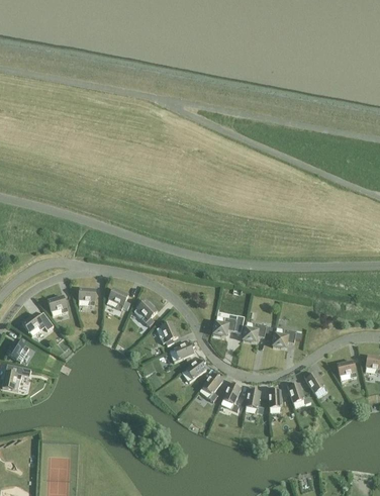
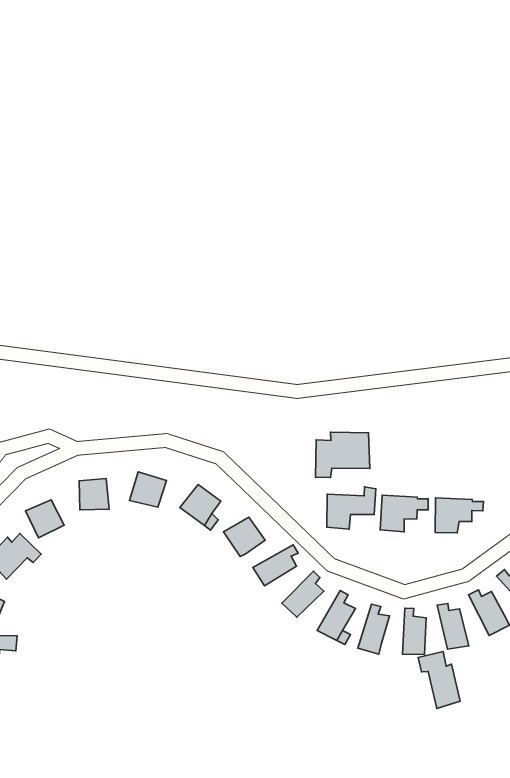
building: none -> [316,432,370,478]
building: none -> [418,652,460,709]

